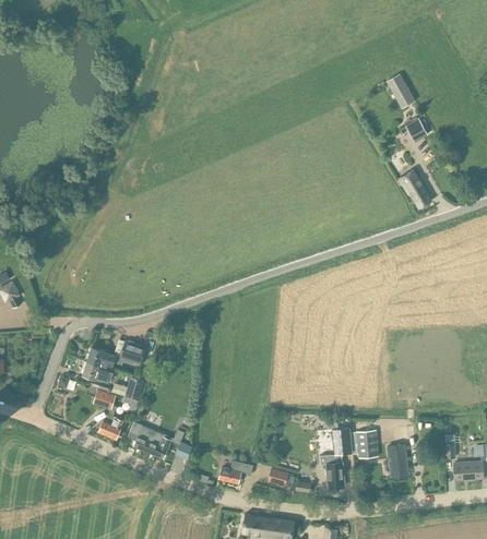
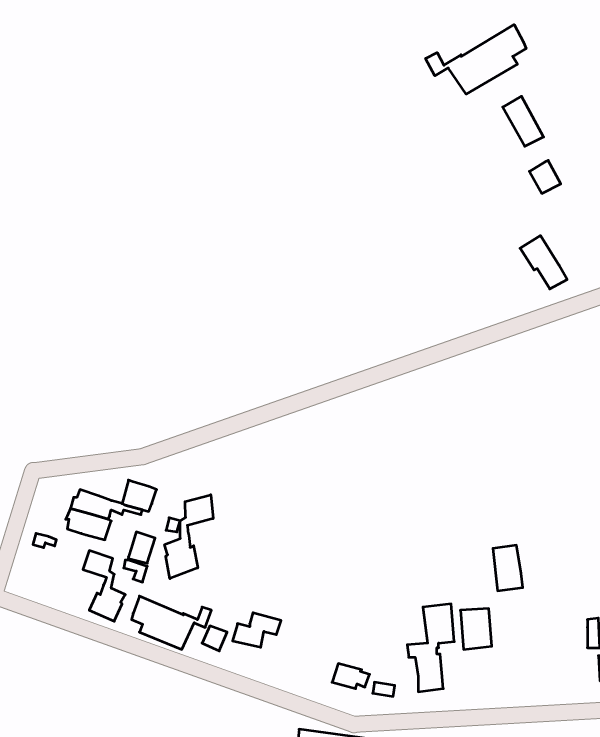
building: none -> [426,25,526,94]
building: none -> [165,495,213,579]
building: [388,444,408,476] -> [493,545,523,591]
building: [218,459,252,483] -> [233,613,281,647]

